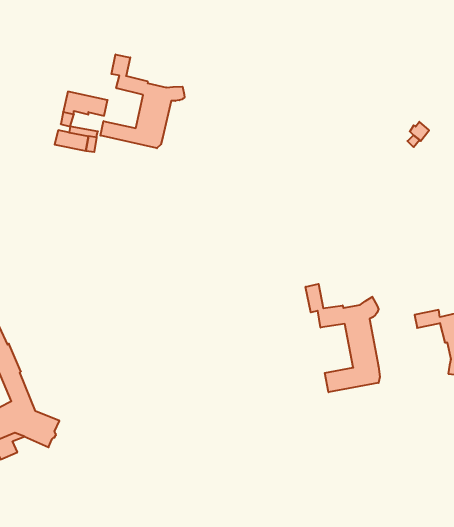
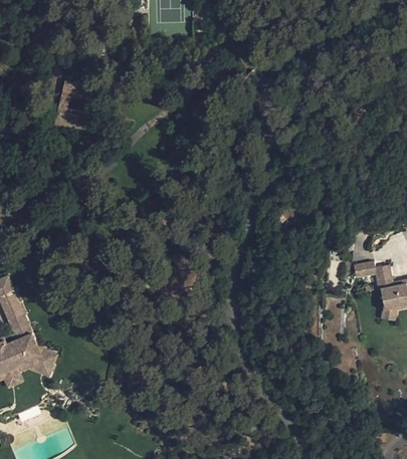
building: [100,54,184,148] -> none
building: [306,284,380,392] -> none

